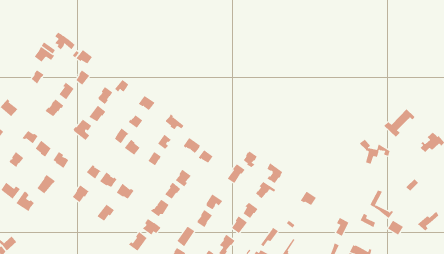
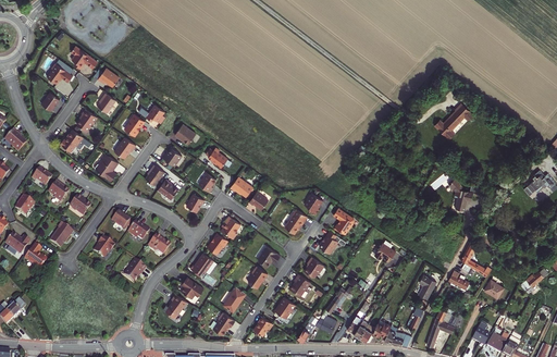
building: [384,108,415,137] -> [434,103,473,139]

